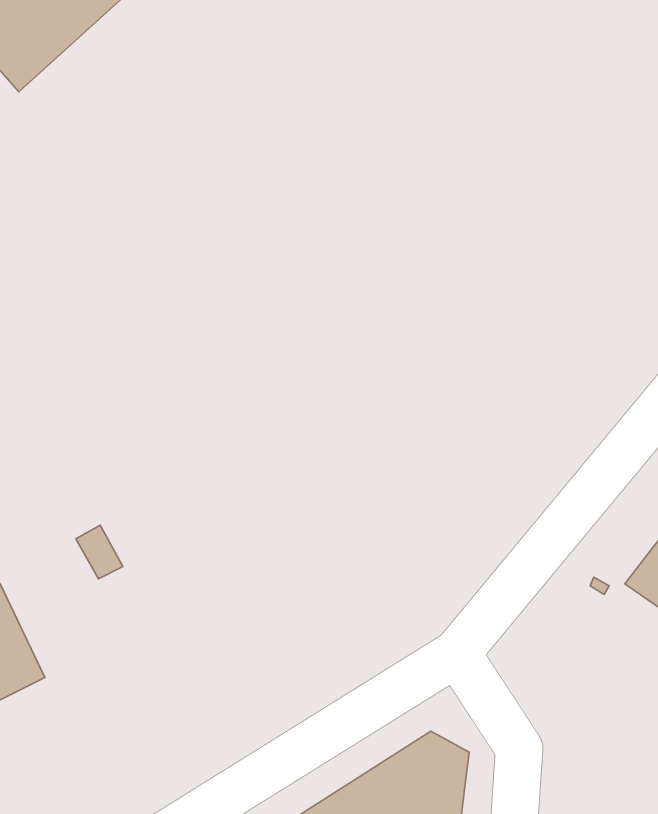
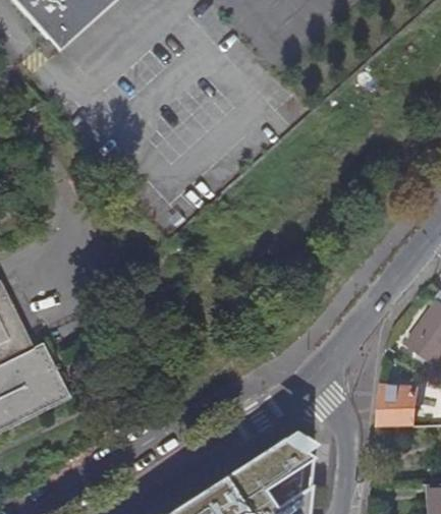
building: none -> [379,385,420,426]

